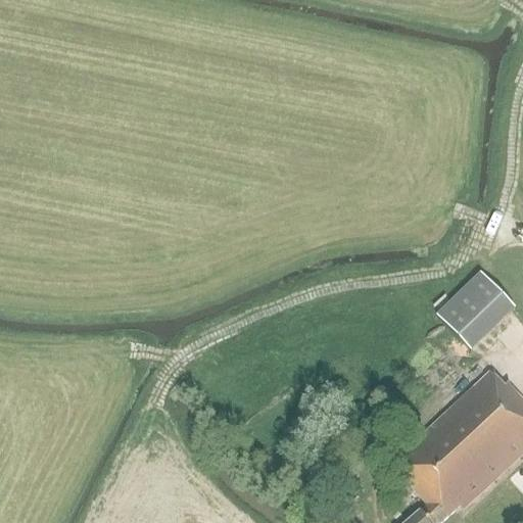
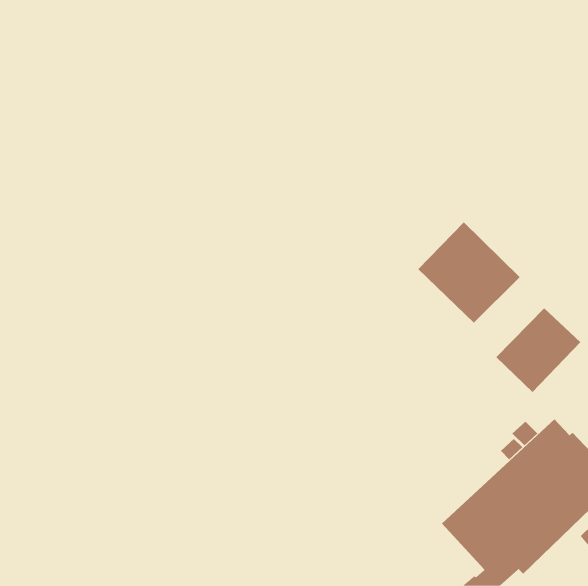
building: none -> [417,221,520,323]

